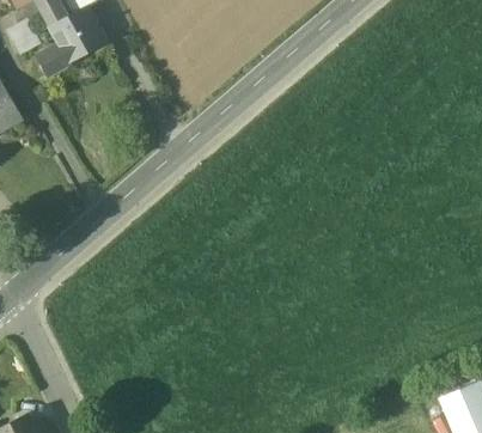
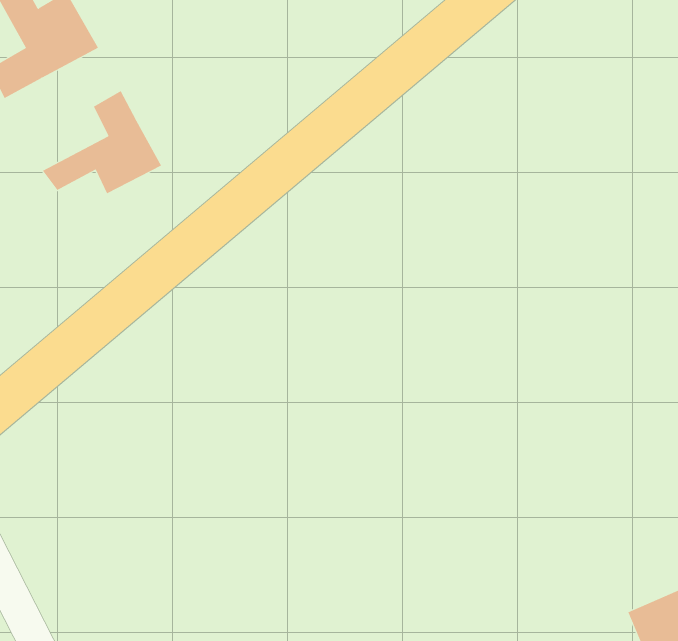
building: none -> [42,90,162,194]

